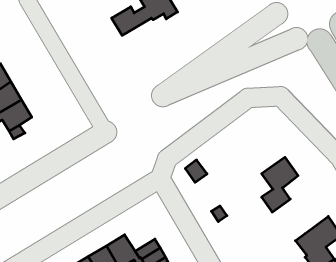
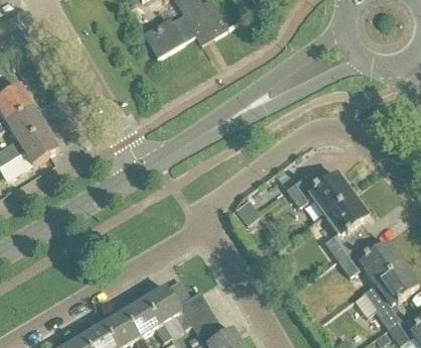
building: none -> [286,173,352,214]
building: none -> [336,242,402,283]

